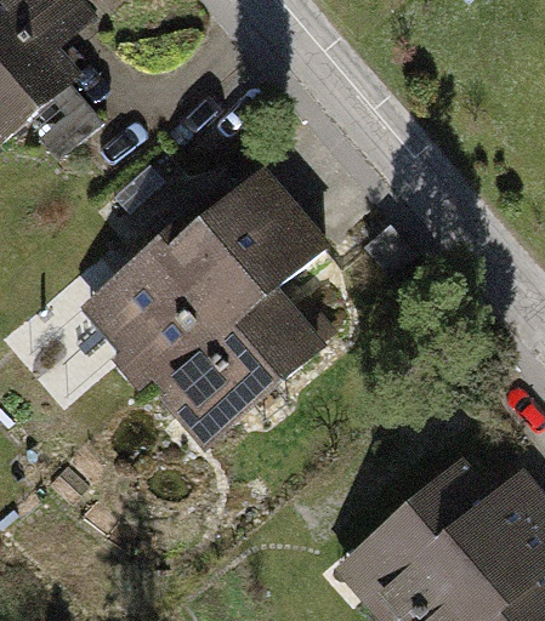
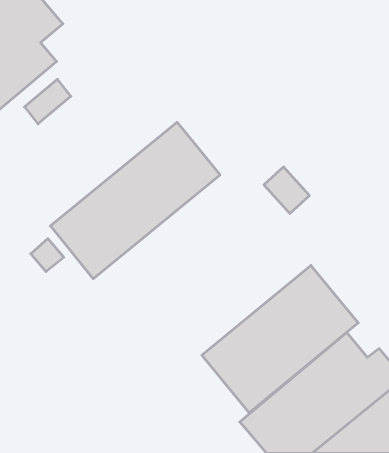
building: [130,238,361,449] -> none
building: none -> [202,265,358,413]

